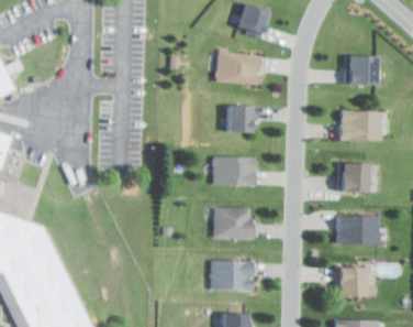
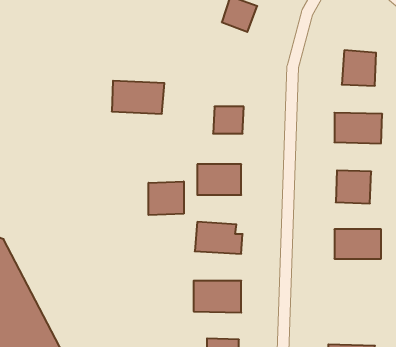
building: [217,54,265,84] -> [112,81,164,114]
building: none -> [149,181,184,215]
building: [337,268,371,296] -> none

